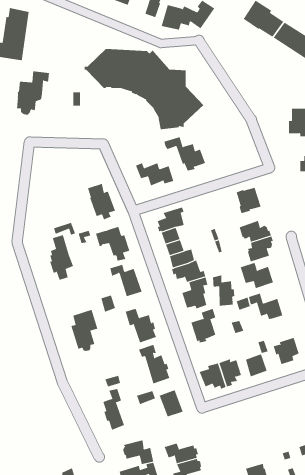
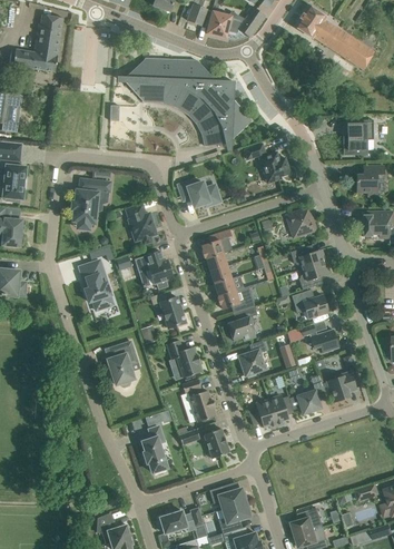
building: [15,71,50,115] -> [72,179,110,227]
building: [164,136,206,171] -> [245,144,290,182]
building: [213,275,235,307] -> none
building: [122,440,154,465] -> none

